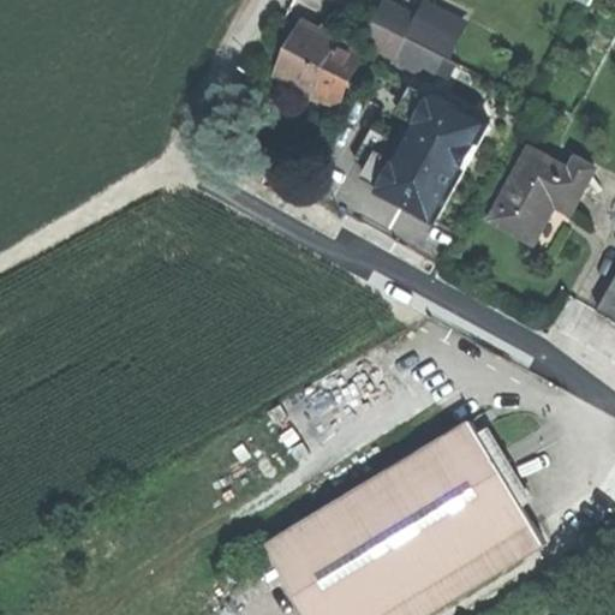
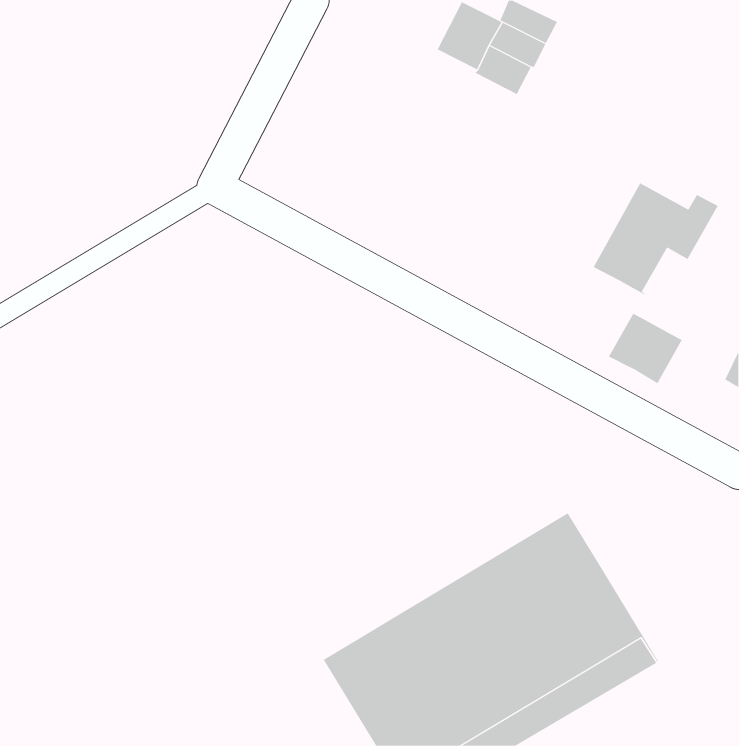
building: [276,26,357,102] -> none
building: [350,94,484,223] -> none
building: none -> [608,313,683,384]

